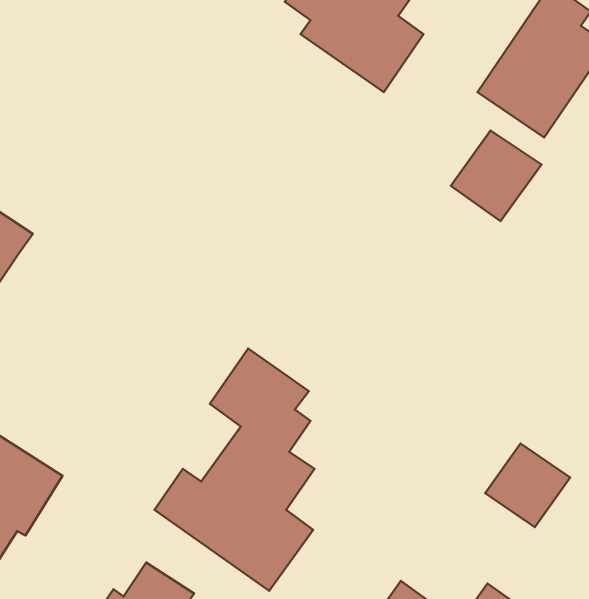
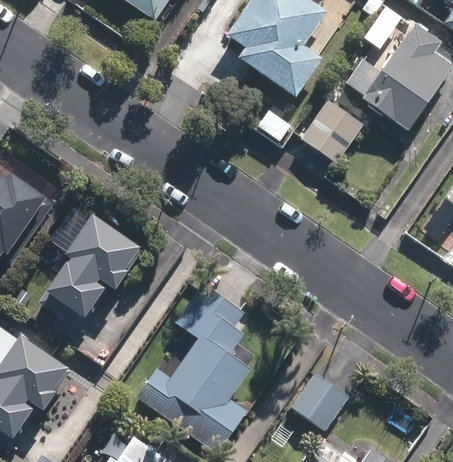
building: [451,130,541,221] -> [301,98,365,162]
building: none -> [47,217,140,325]
building: [485,444,570,527] -> [292,373,352,432]

